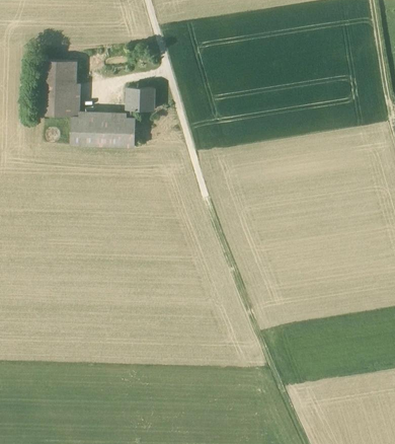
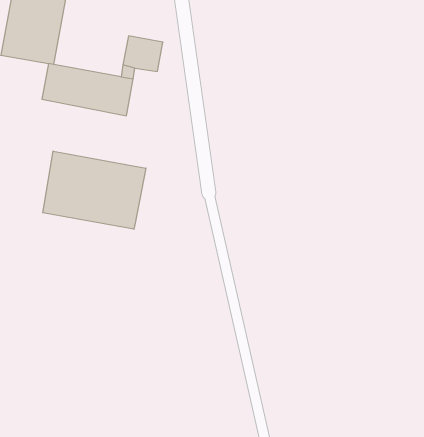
building: none -> [43,151,146,229]

